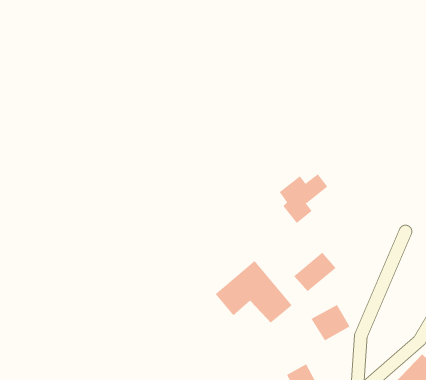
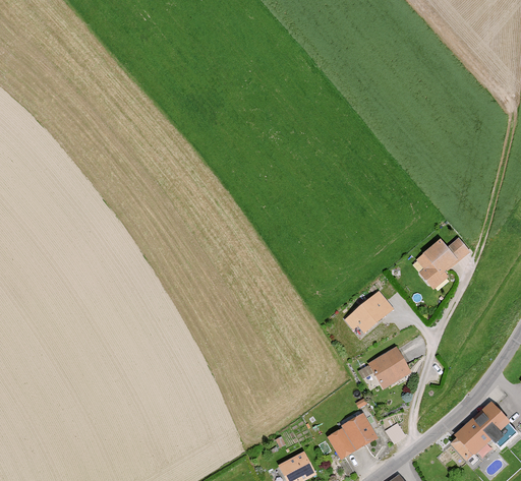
building: [279,174,328,224] -> [415,237,469,292]
building: [215,260,293,323] -> none

